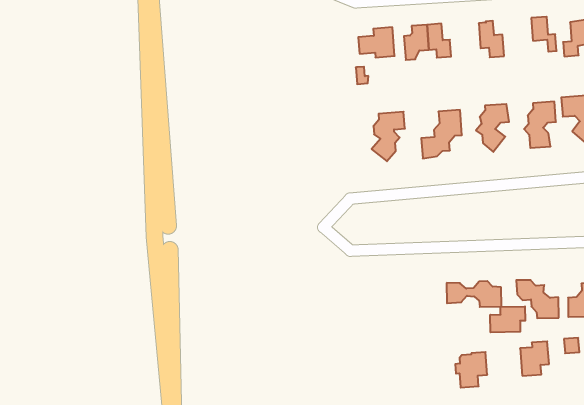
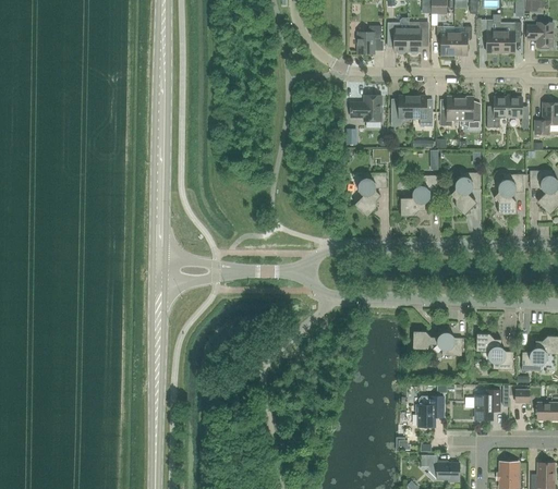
building: none -> [487,96,508,127]
building: none -> [440,96,460,125]
building: [490,306,525,332] -> none

